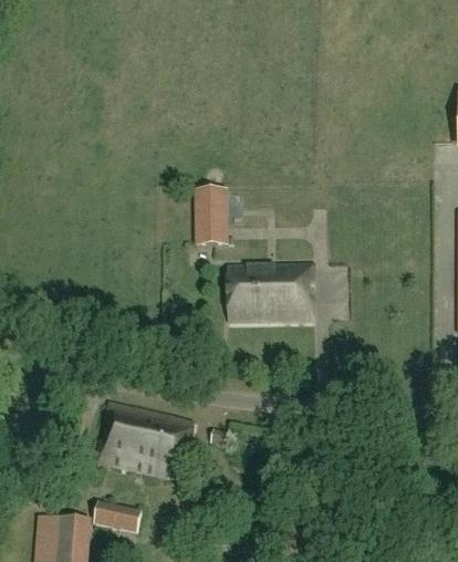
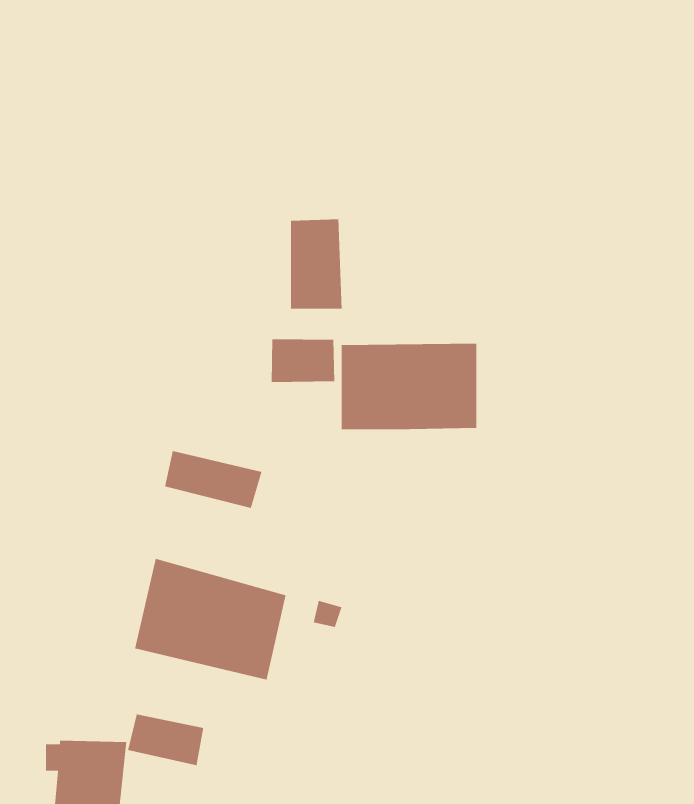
building: none -> [271,339,335,383]
building: none -> [164,450,262,509]

